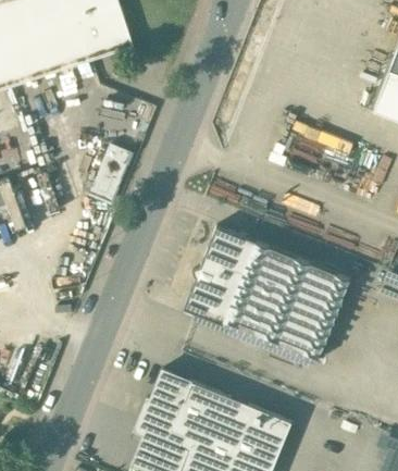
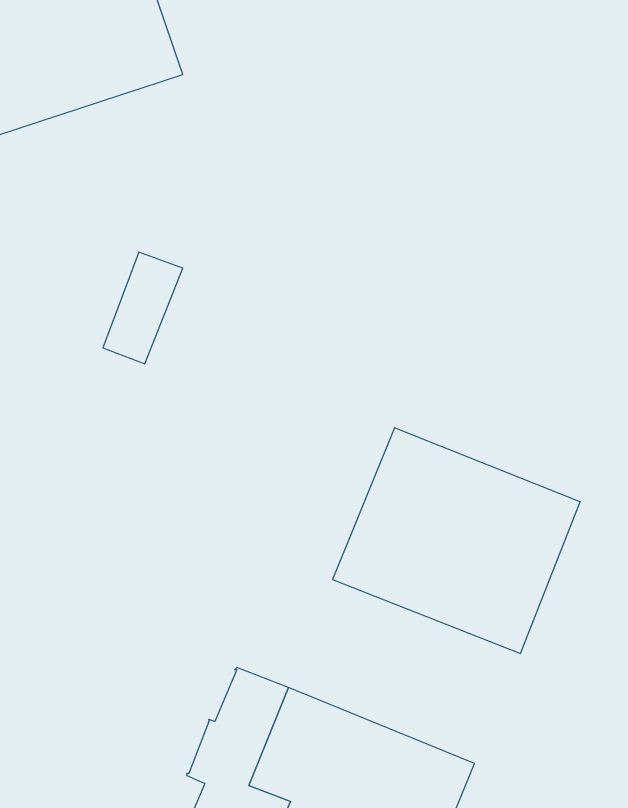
building: [183,226,248,322] -> none

